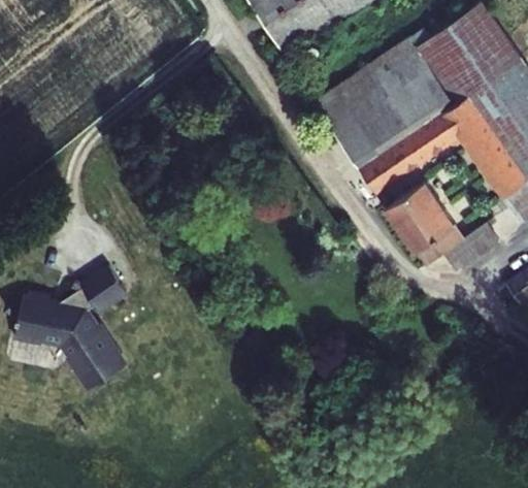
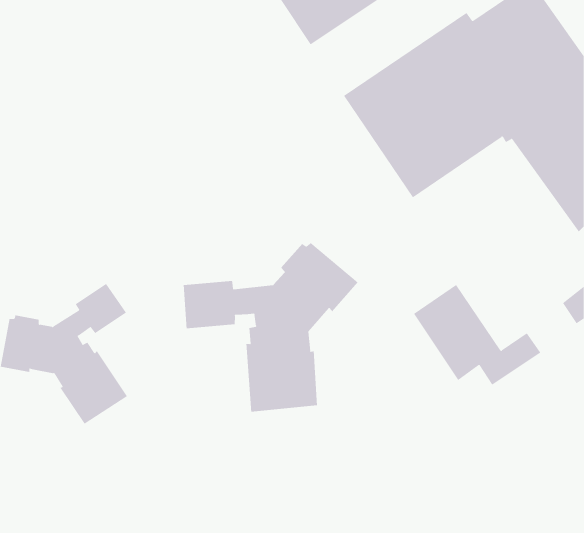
building: [387,181,499,269] -> [413,284,541,386]
building: none -> [183,242,359,412]

